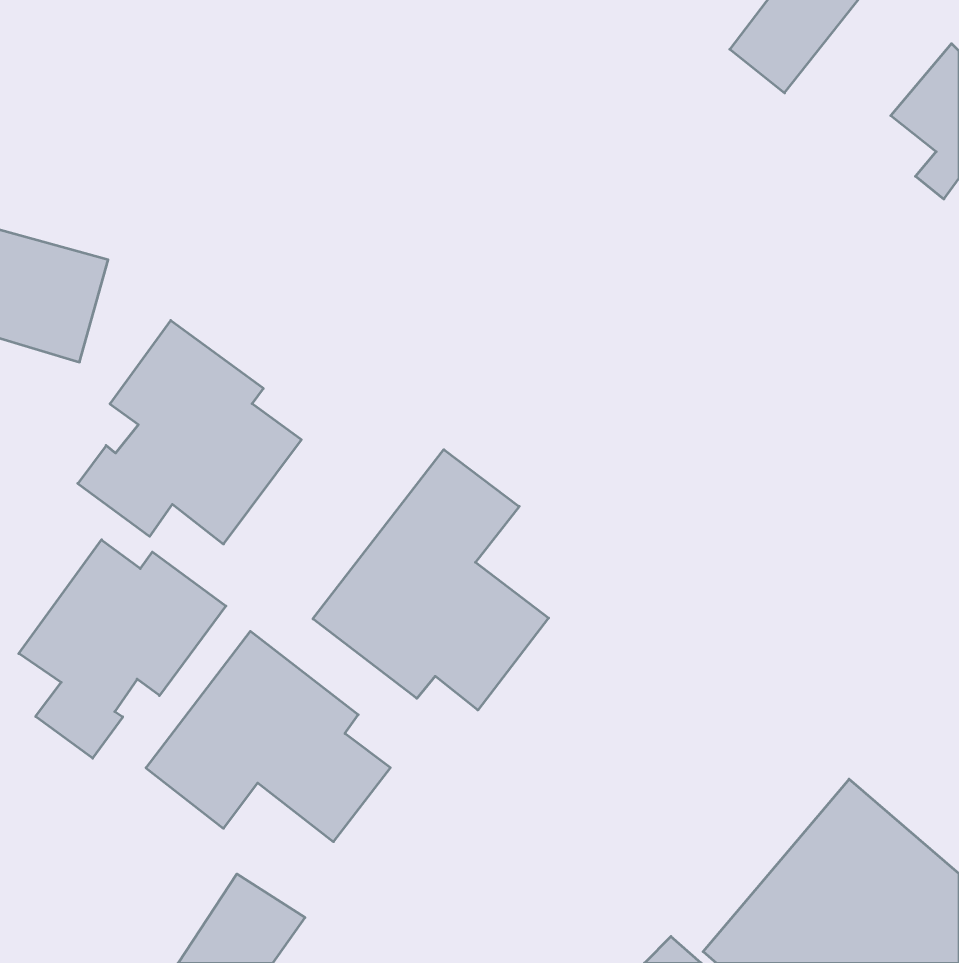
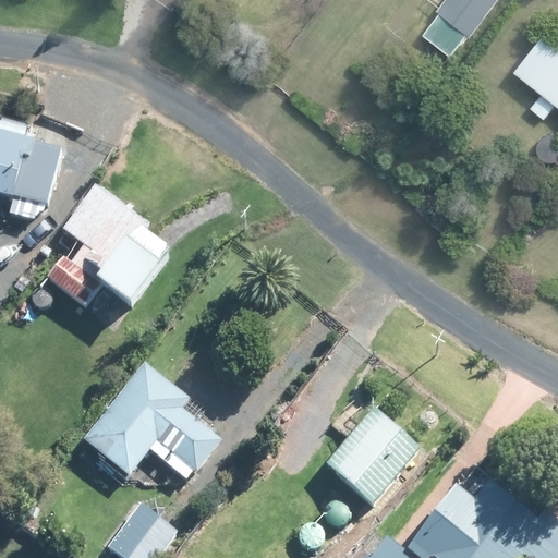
building: [313,450,549,710] -> none
building: [19,540,226,758] -> none
building: none -> [325,408,422,506]

